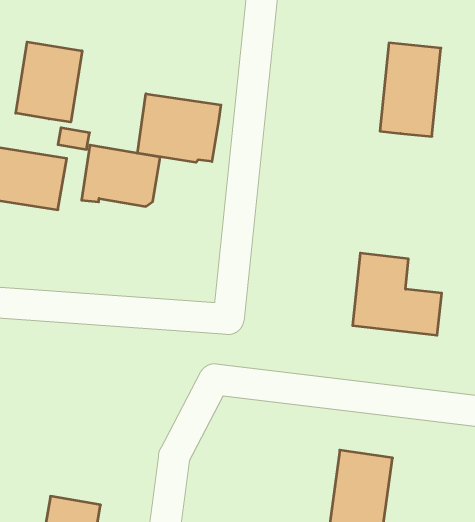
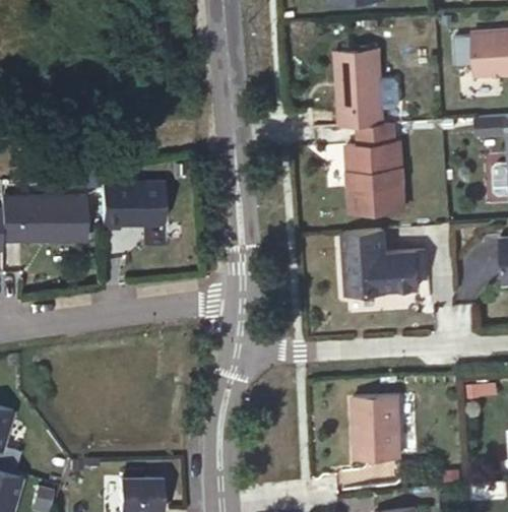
building: [16,42,82,122] -> none
building: [137,94,221,162] -> none
building: none -> [347,126,405,212]

